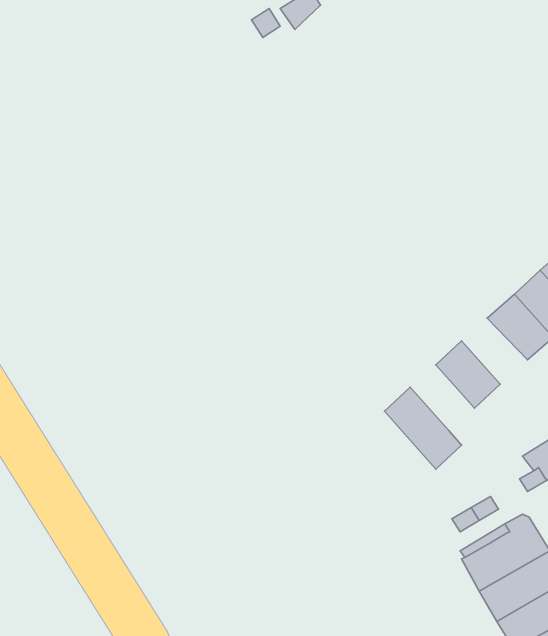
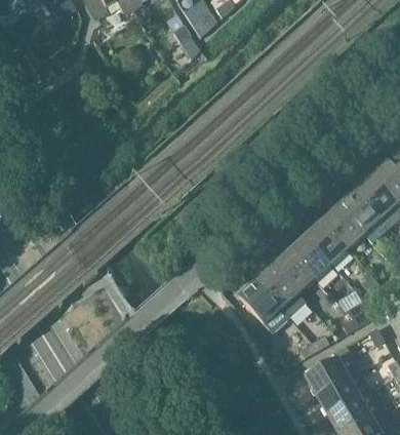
building: none -> [306,222,348,264]
building: none -> [273,251,314,293]
building: none -> [239,281,289,333]

